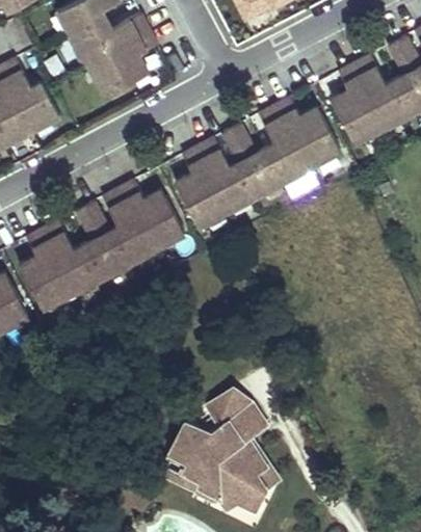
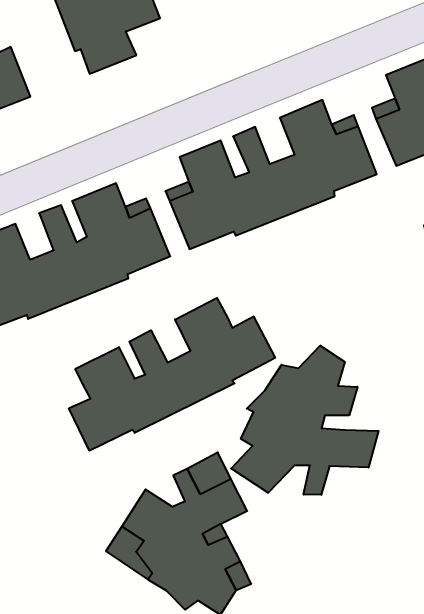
building: none -> [69,298,275,451]
building: none -> [231,346,379,495]

